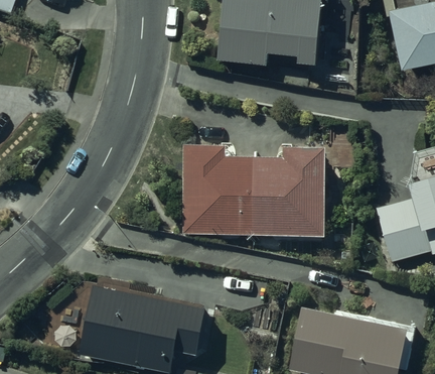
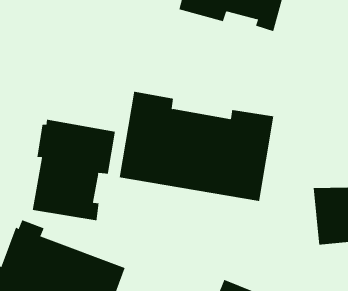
building: none -> [32,119,115,221]

